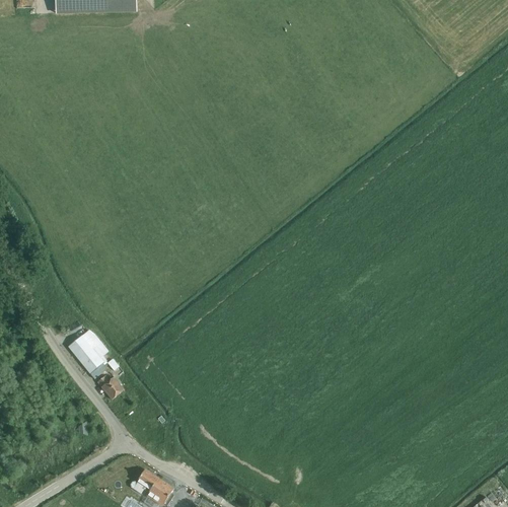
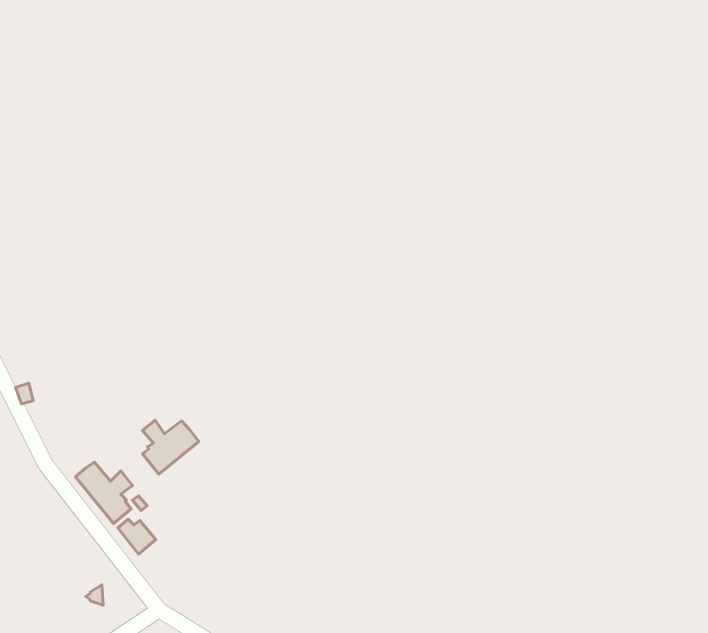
building: none -> [143,420,199,474]

